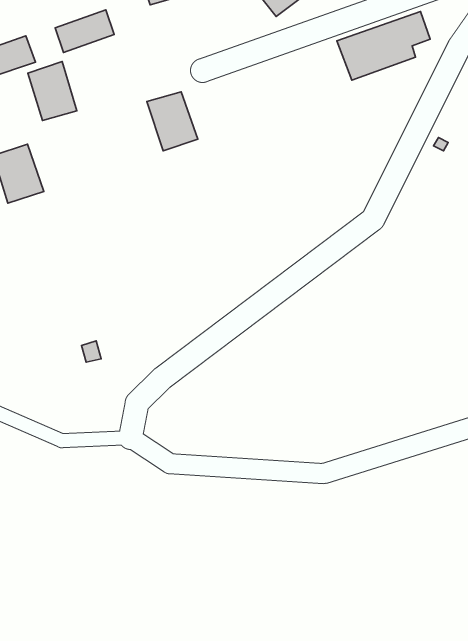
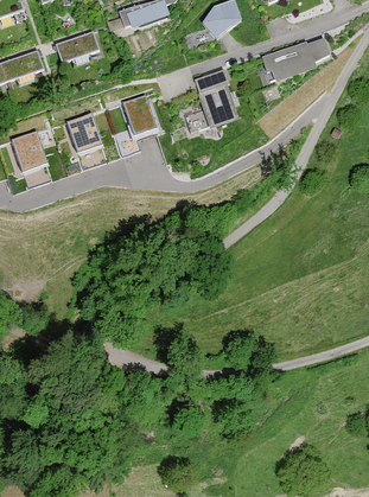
building: none -> [193,69,240,129]
building: [28,62,77,121] -> [65,109,101,152]

